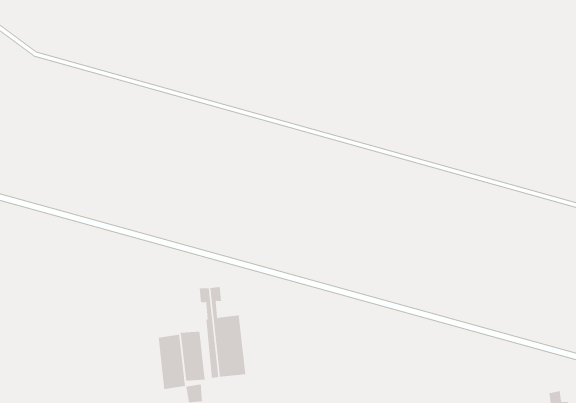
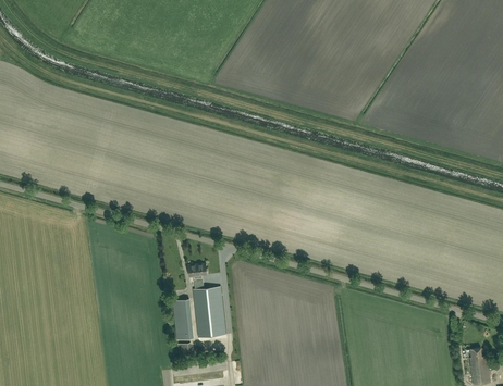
building: [158,334,185,390] -> none

